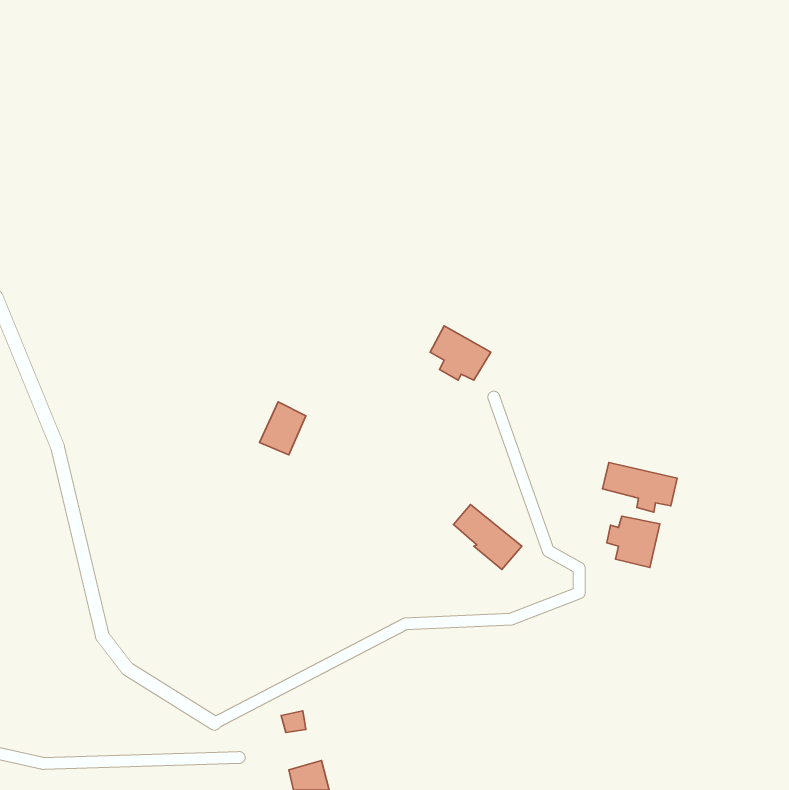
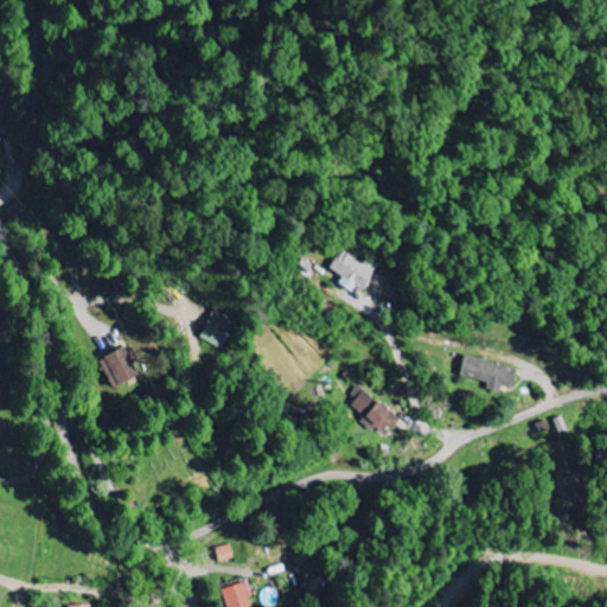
building: none -> [100,346,141,389]
building: [607,516,660,568] -> none

